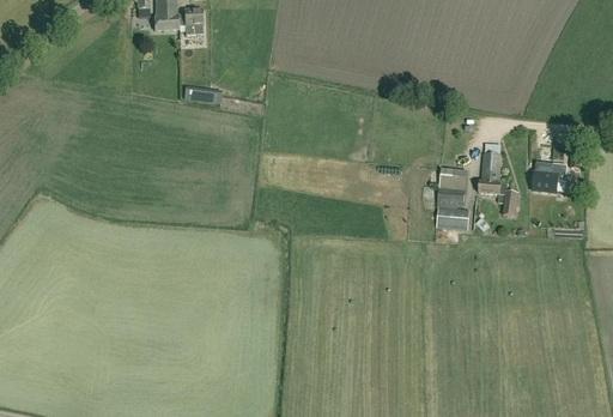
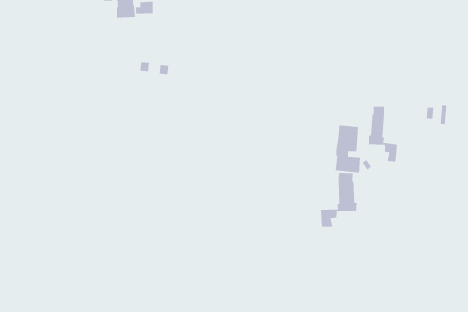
building: [533,163,568,193] -> none
building: none -> [320,172,357,228]

